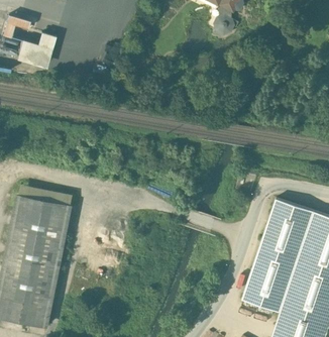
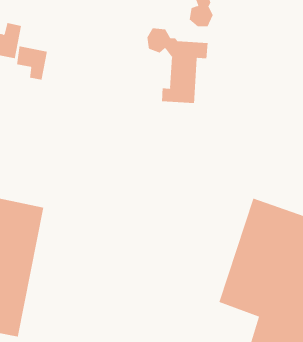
building: none -> [147,27,208,104]
building: none -> [16,46,48,80]

